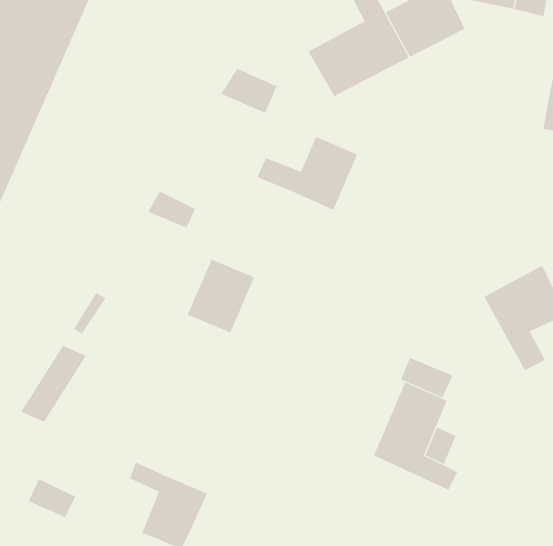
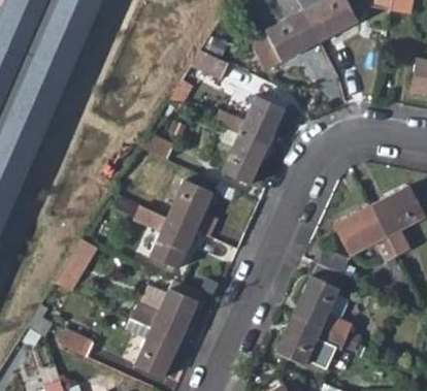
building: none -> [223,134,267,185]
building: none -> [133,205,197,269]
building: none -> [334,205,397,262]
building: none -> [131,279,203,339]
building: none -> [277,314,346,368]

